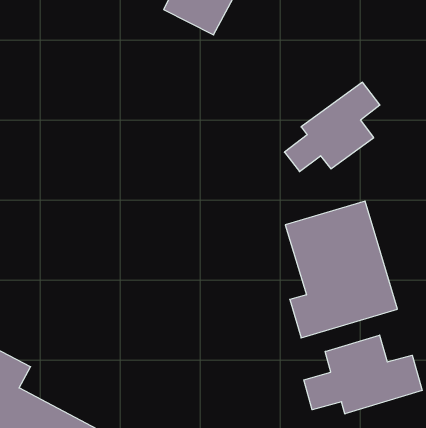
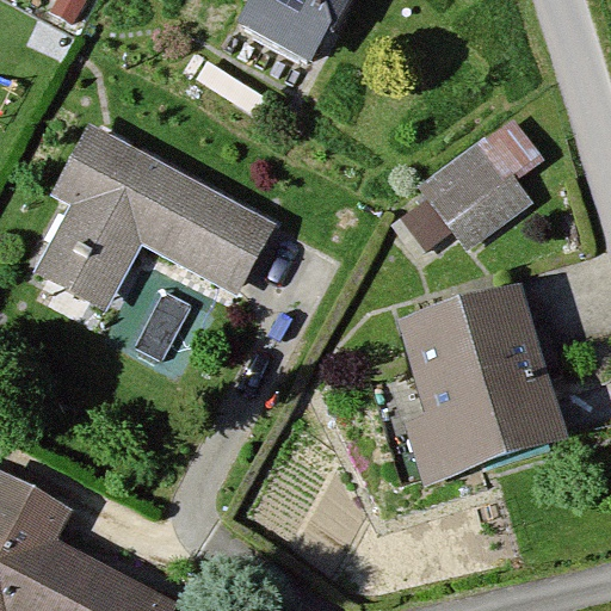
building: none -> [43,129,270,297]
building: [304,335,422,414] -> none

